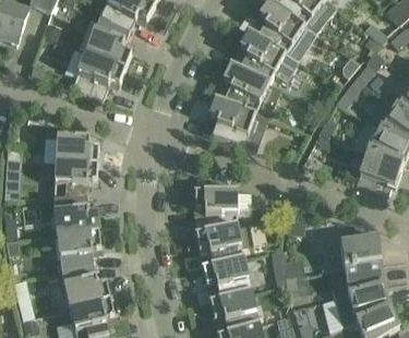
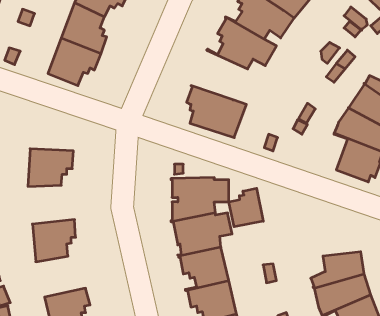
building: [213,64,280,113] -> none
building: [55,126,98,164] -> none
building: [52,197,98,236] -> none
building: none -> [229,188,263,227]
building: [338,226,380,267] -> none
building: [60,267,109,307] -> none

